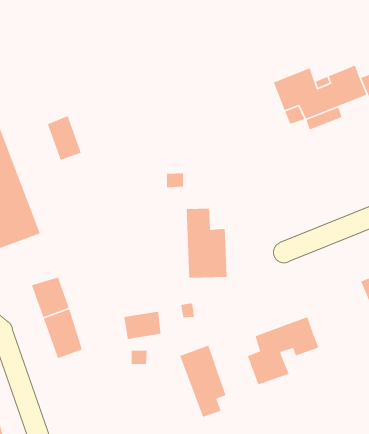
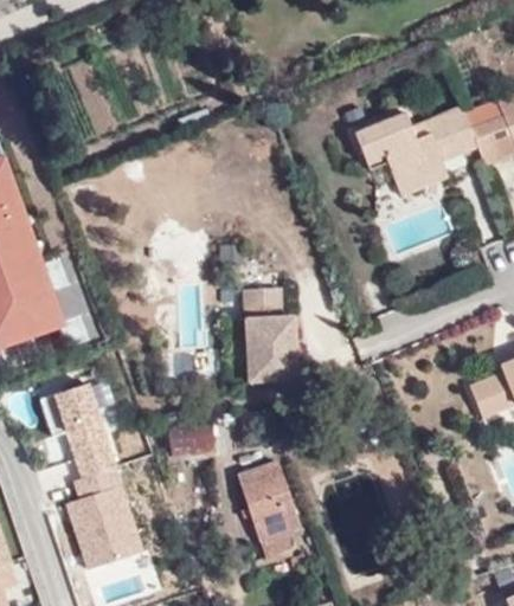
building: [47,115,82,161] -> none
building: [247,316,319,386] -> none
building: none -> [60,471,142,568]

